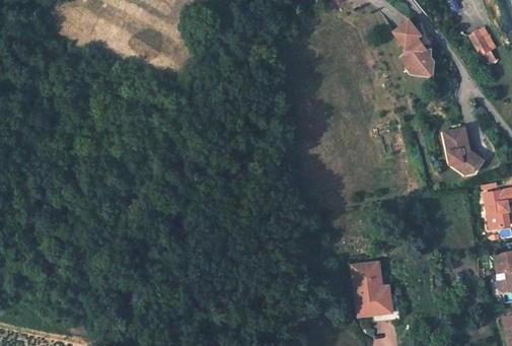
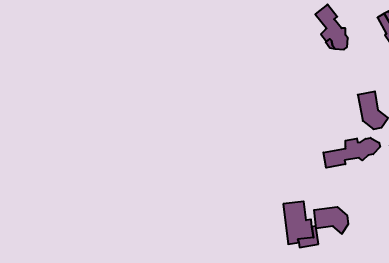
building: none -> [323,138,380,168]
building: none -> [314,207,348,234]

